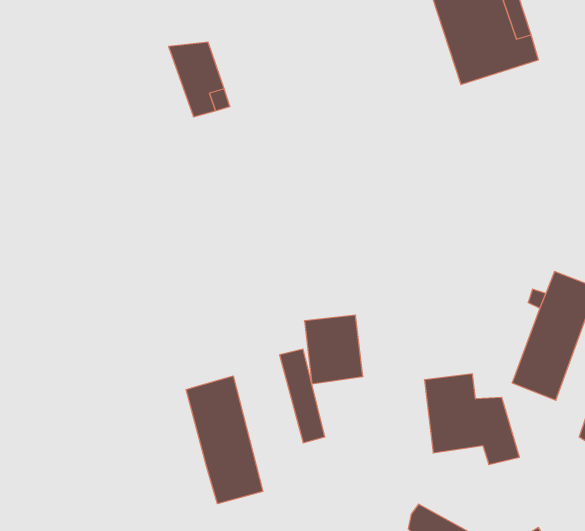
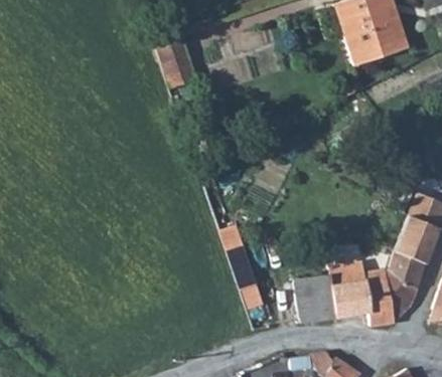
building: [304,315,363,384] -> [295,275,335,323]
building: [186,376,263,504] -> none
building: none -> [383,271,420,321]

